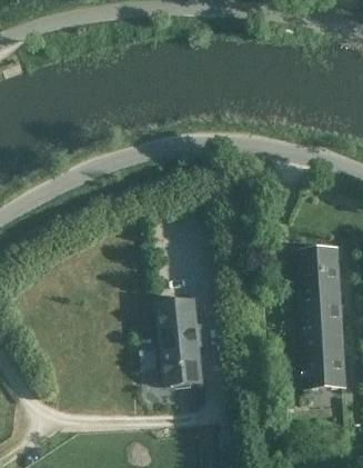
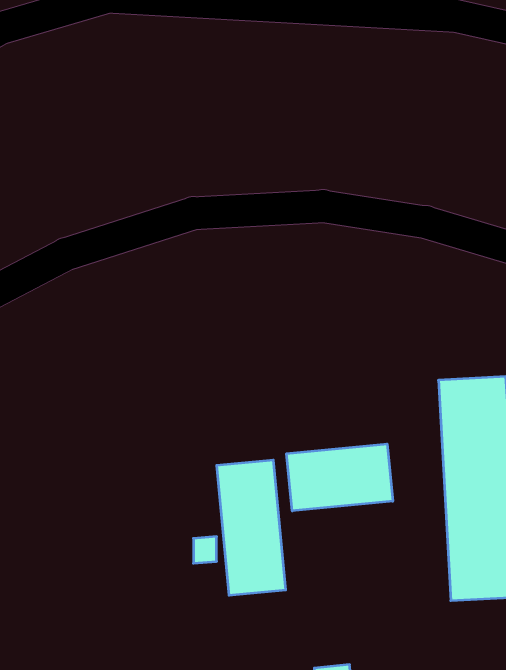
building: none -> [287,444,393,511]

